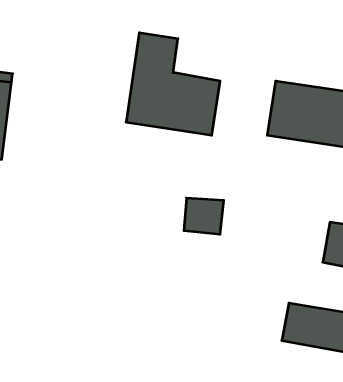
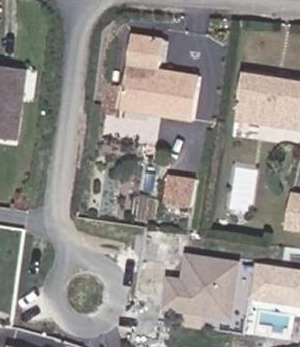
building: none -> [164,258,238,318]

